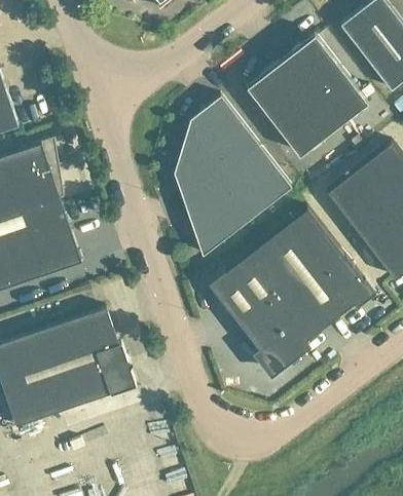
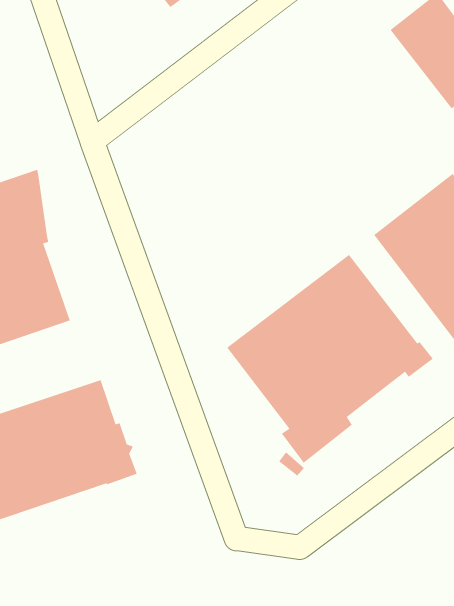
building: [248,35,369,156] -> none
building: [175,97,292,257] -> none

